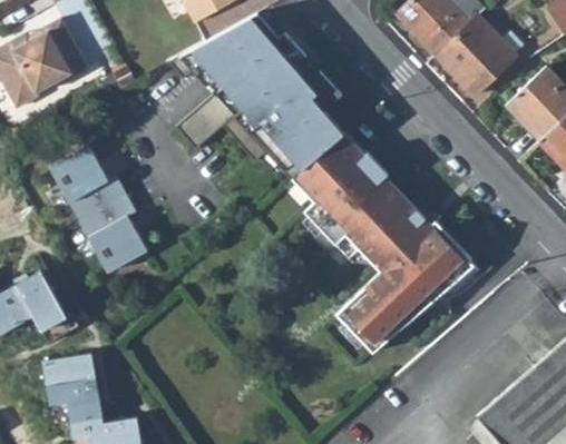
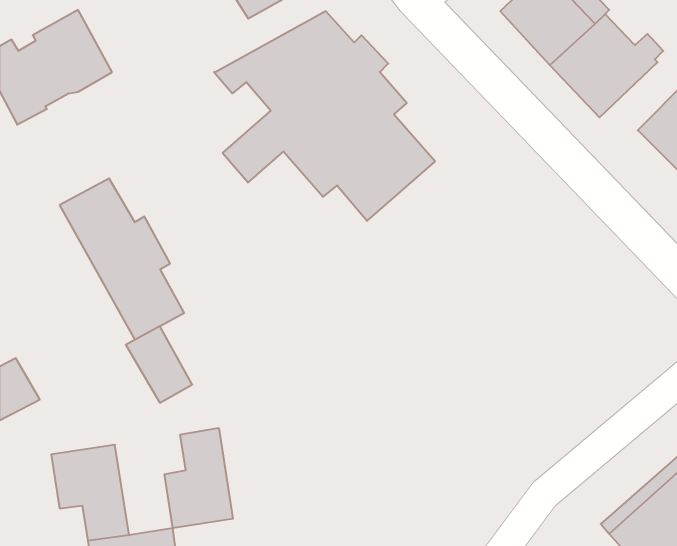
building: [291,132,479,349] -> none
building: [14,273,67,333] -> [126,326,192,403]
building: none -> [165,428,233,528]

